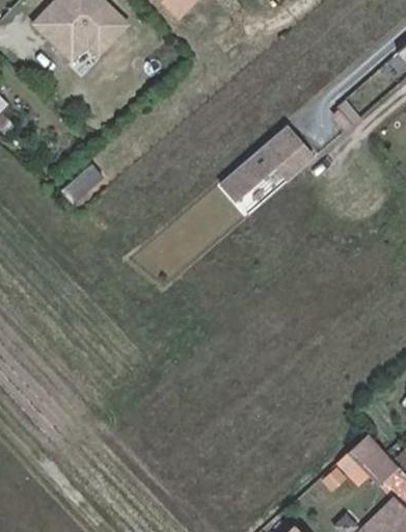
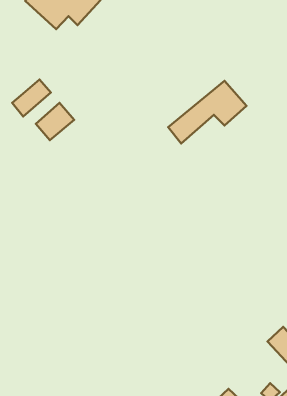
building: none -> [12,79,51,116]

